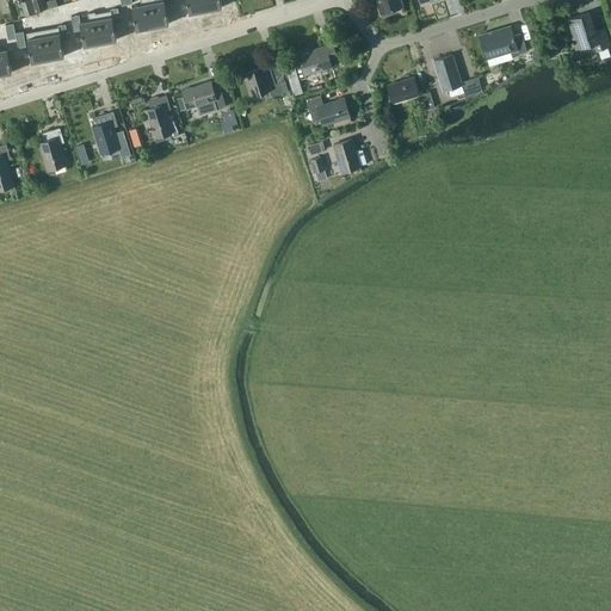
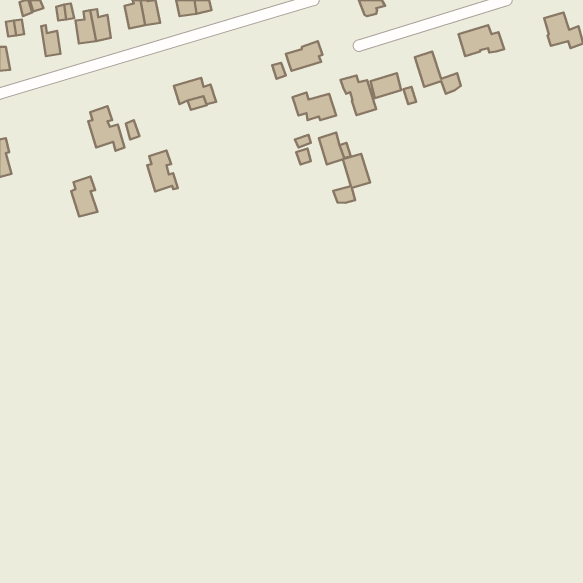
building: [26,29,48,63] -> none
building: [245,58,288,97] -> none
building: none -> [341,75,376,115]
building: [146,95,178,138] -> [147,150,178,191]
building: [38,129,66,171] -> [71,176,97,216]
building: none -> [333,154,370,203]

